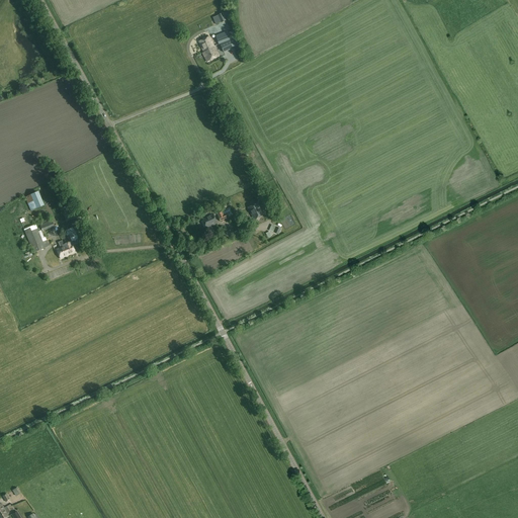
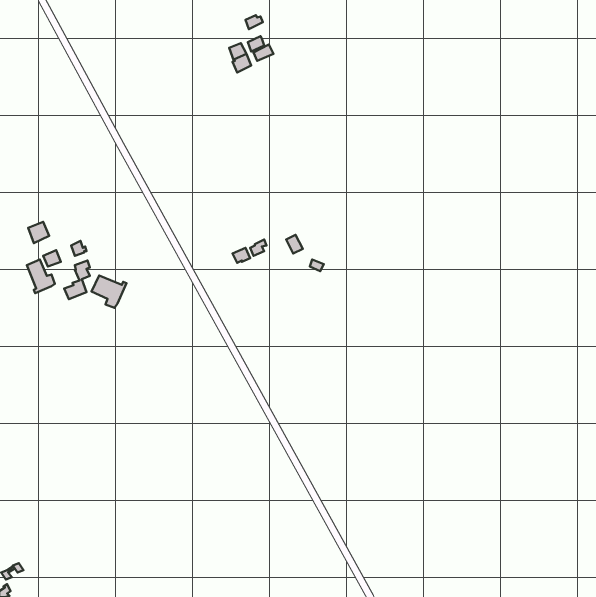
building: none -> [92,276,127,308]

